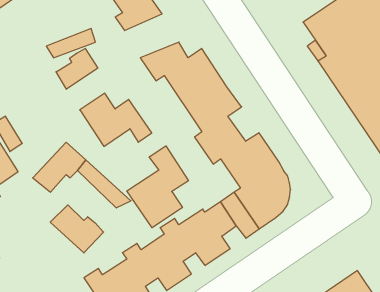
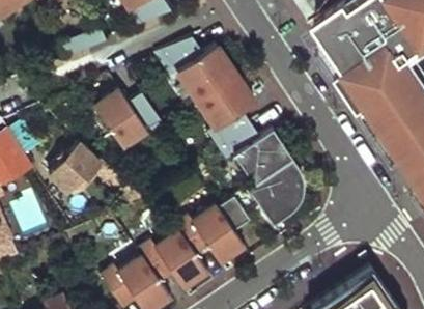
building: [56,48,98,89] -> none
building: [127,146,188,228] -> none
building: [50,205,104,253] -> none

